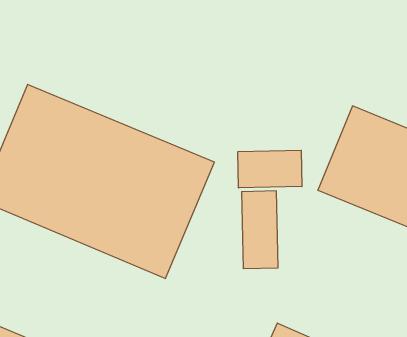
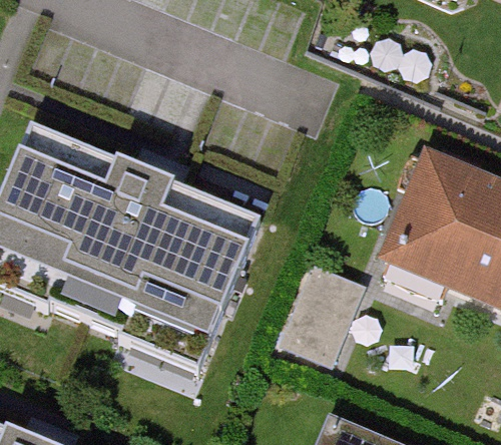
building: [238,150,302,188] -> none

